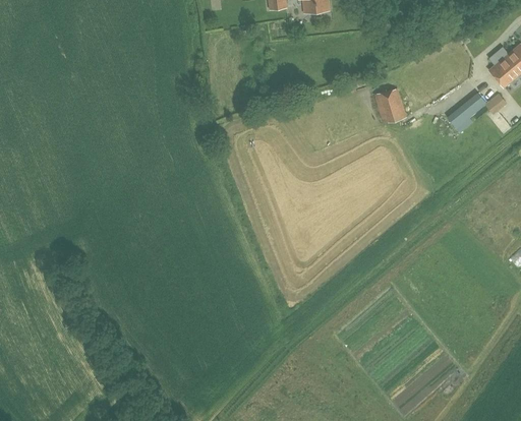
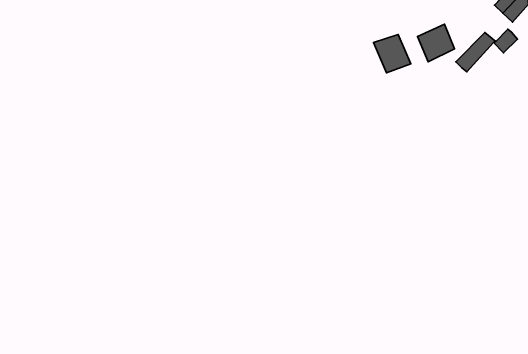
building: none -> [418,24,455,62]

